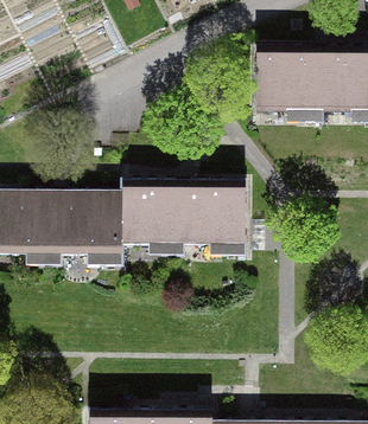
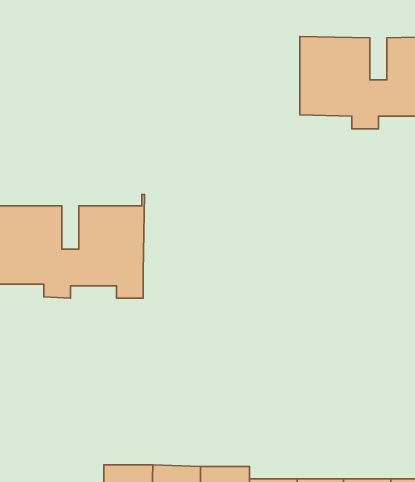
building: [122,180,246,257] -> none

